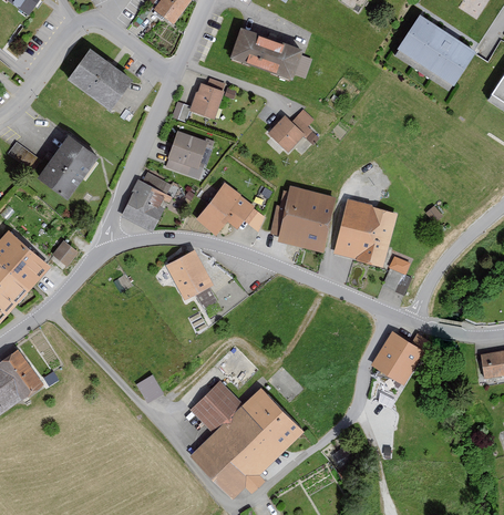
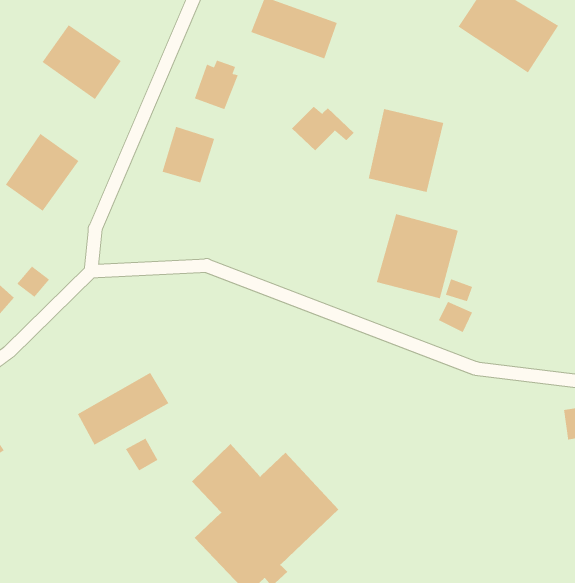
building: [119,173,169,231] -> none
building: [195,182,257,234] -> none
building: [277,186,337,253] -> [368,108,444,193]
building: [166,250,213,300] -> none
building: none -> [77,372,169,446]
building: [371,331,423,384] -> none

